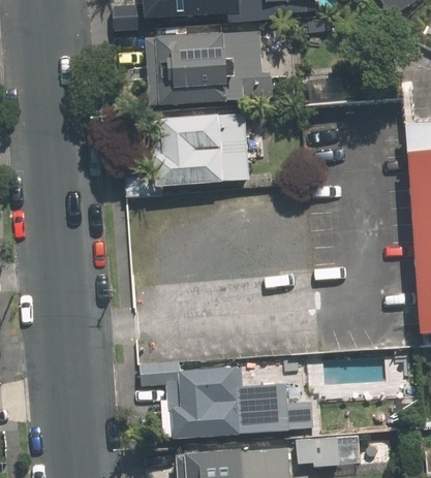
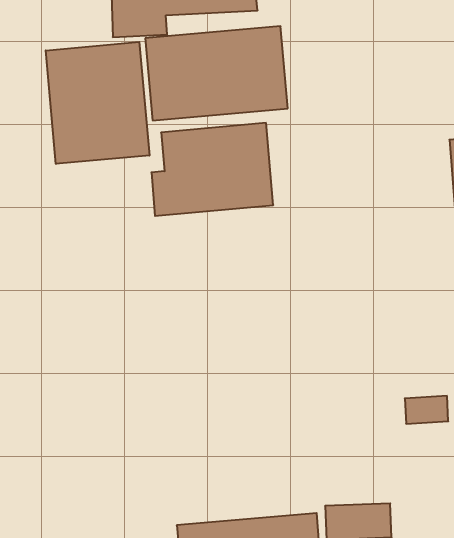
building: none -> [46,42,149,164]
building: [137,359,315,442] -> none

